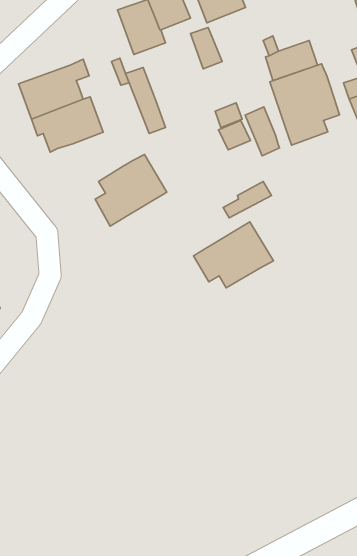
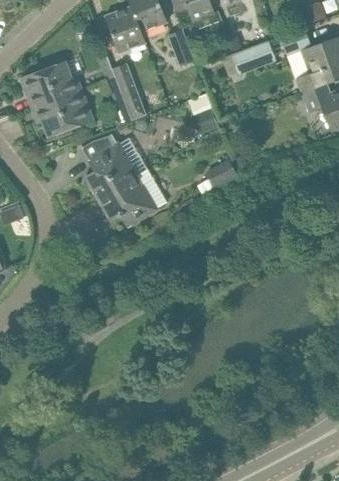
building: [270,64,340,145] -> none
building: [245,107,280,156] -> none
building: [193,222,273,288] -> [98,170,166,226]

